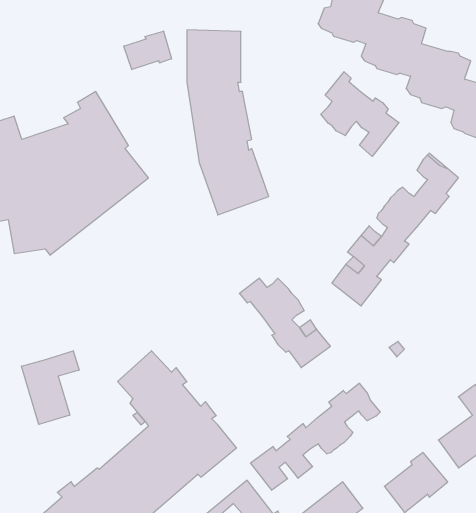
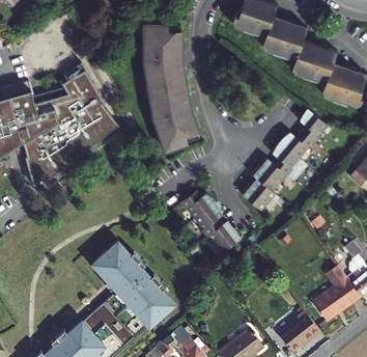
building: [124,31,172,70] -> none
building: [321,72,399,156] -> none
building: [21,351,79,424] -> none
building: [251,383,380,490] -> none

